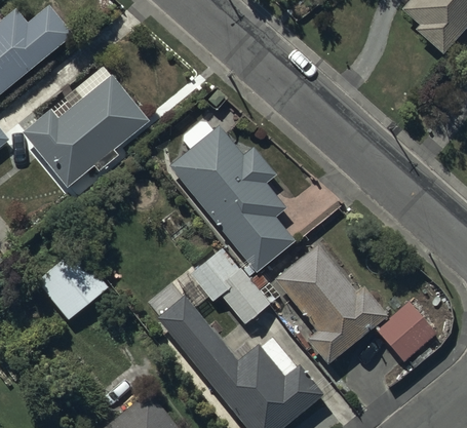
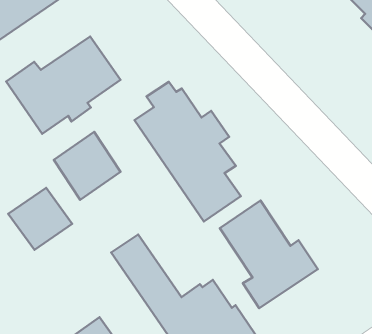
building: none -> [54,132,121,200]
building: [191,247,270,325] -> none
building: [375,301,438,362] -> none

